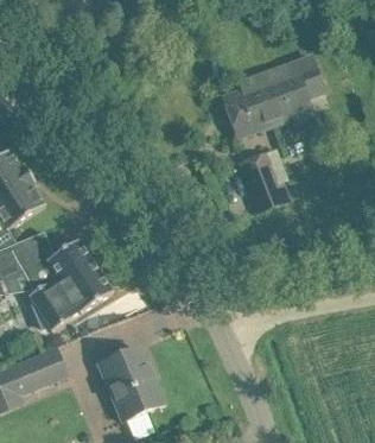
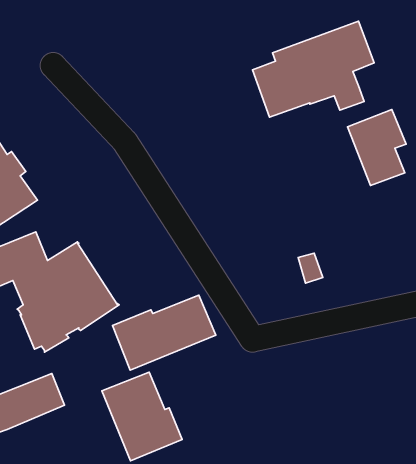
building: [240,147,288,210] -> [347,110,406,186]
building: none -> [112,295,216,370]

